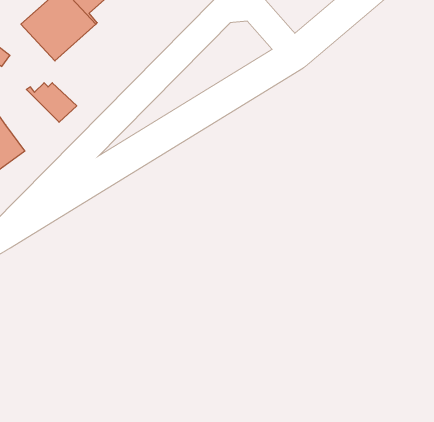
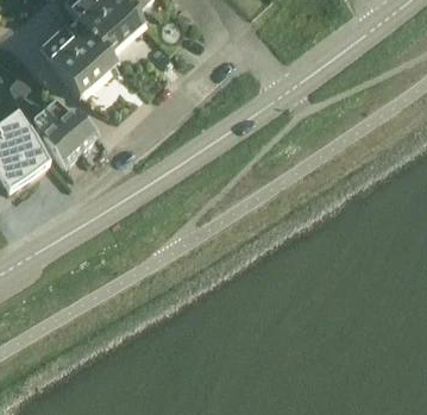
building: none -> [40,114,82,159]

